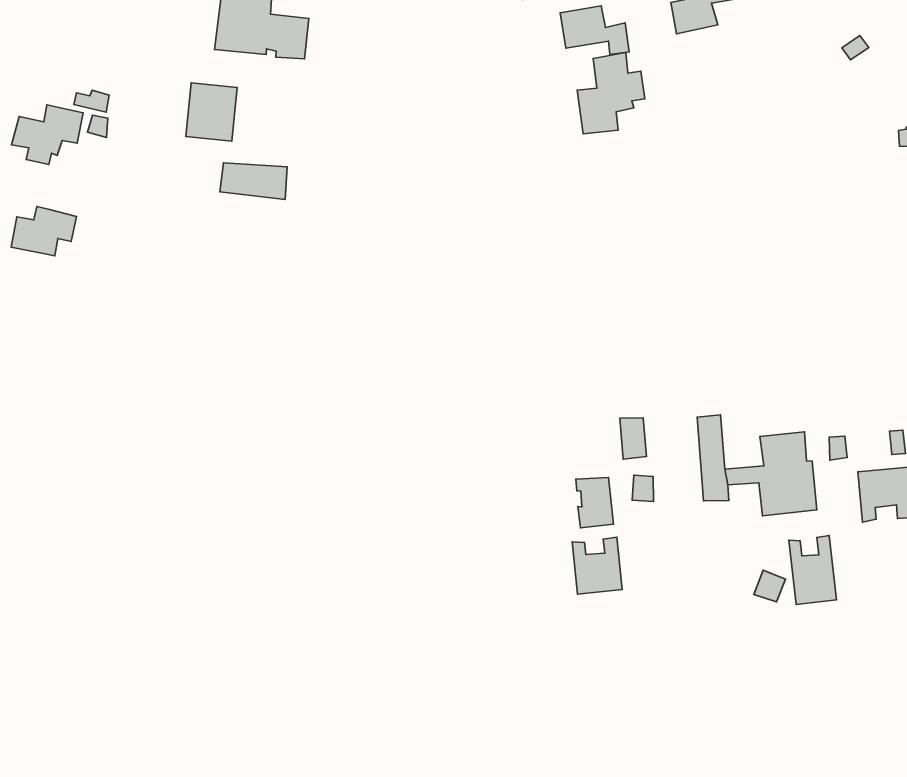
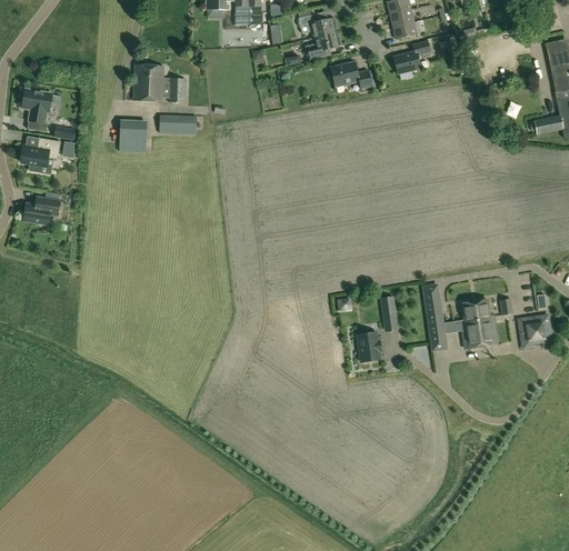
building: none -> [21,89,52,132]
building: [577,52,645,134] -> none
building: [220,163,287,200] -> [159,116,197,134]
building: [789,535,837,605] -> none
building: [572,537,622,594] -> none

